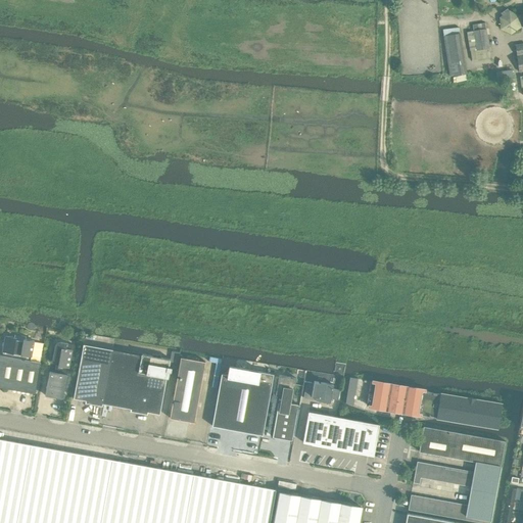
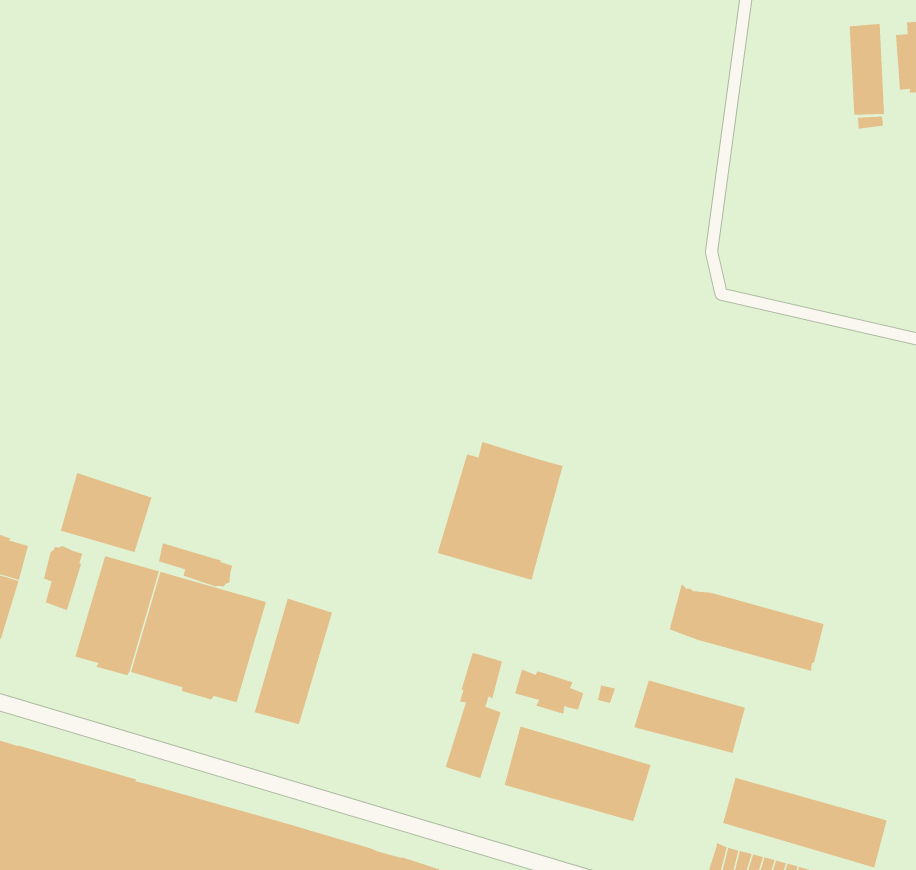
building: none -> [60,472,152,553]
building: none -> [158,543,233,587]
building: [211,367,273,436] -> [437,442,564,580]
building: [45,372,67,399] -> none
building: [421,390,502,429] -> [669,584,825,672]

